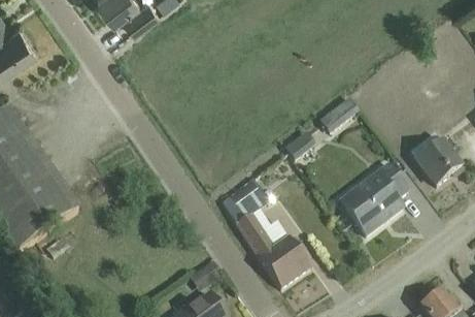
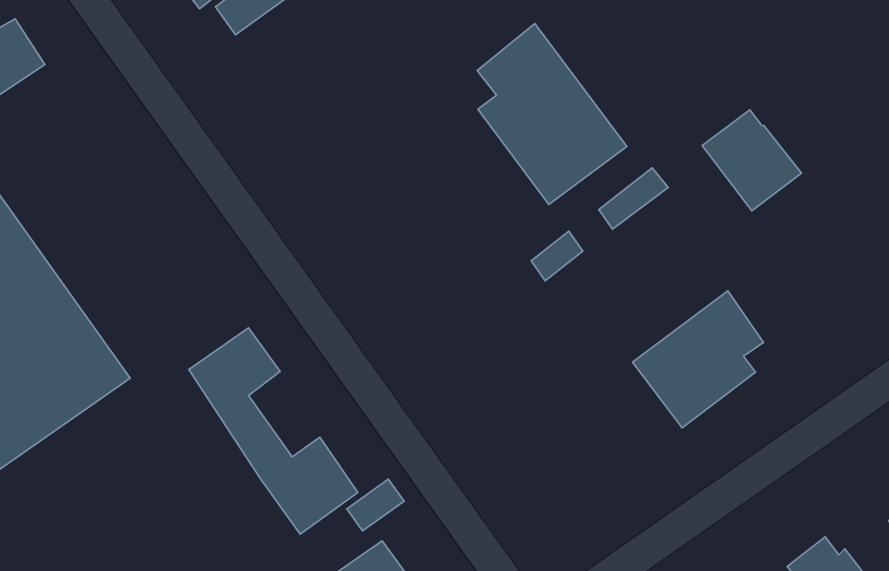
building: none -> [477,24,627,204]
building: [410,131,462,184] -> [702,110,802,211]
building: [223,179,310,286] -> [189,328,358,534]

